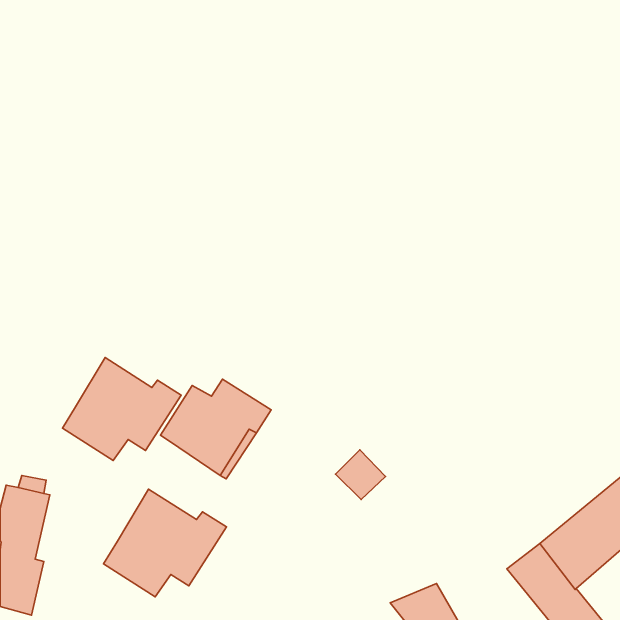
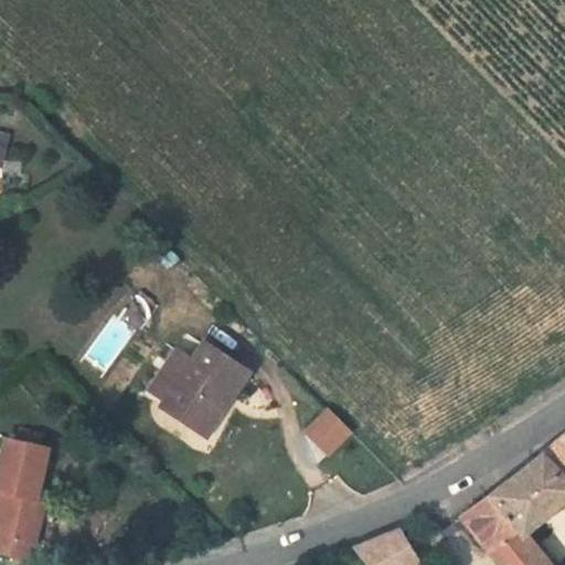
building: [63,358,181,460] -> none
building: [103,489,226,597] -> none

